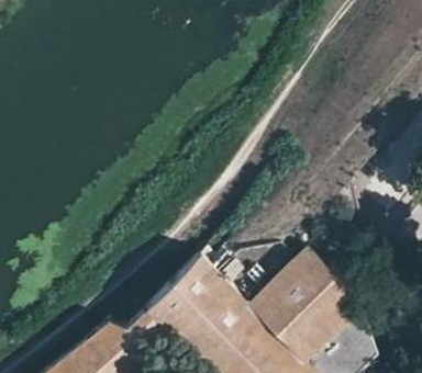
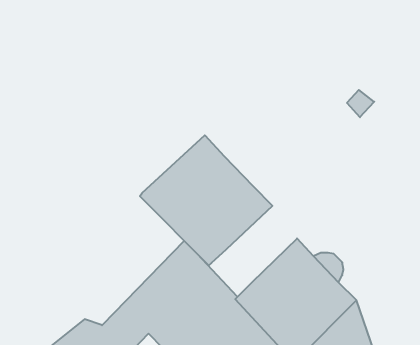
building: none -> [140,135,272,266]

